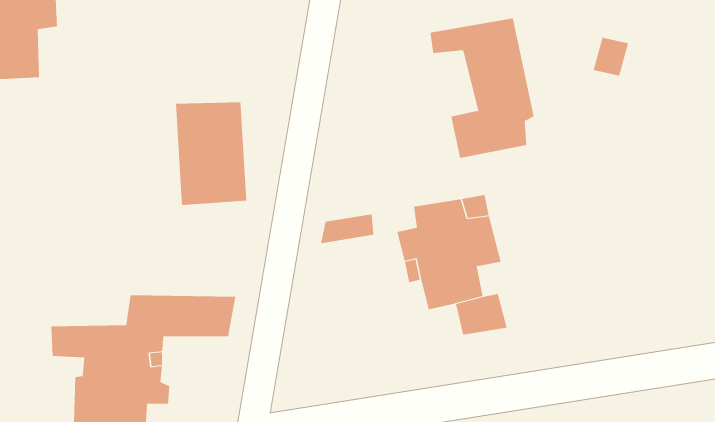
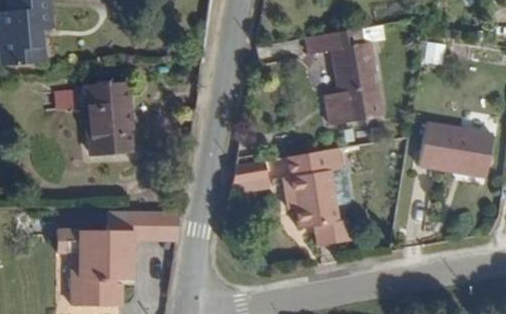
building: [175,102,247,205] -> [83,89,131,159]
building: none -> [418,119,490,174]

